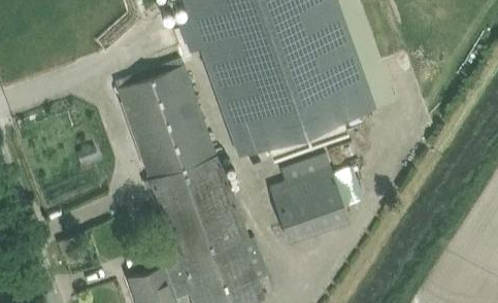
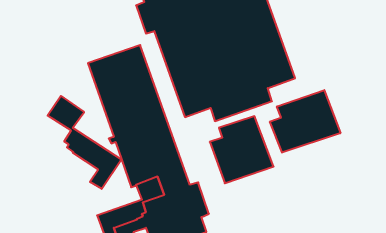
building: none -> [270,90,340,153]
building: none -> [48,96,121,189]

